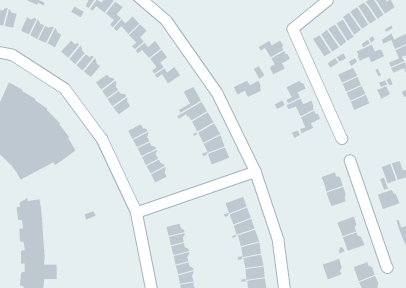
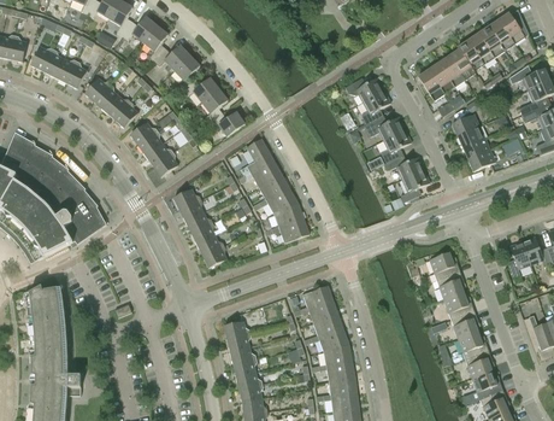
building: [356,44,385,63] -> none
building: [233,80,262,98] -> [364,116,402,140]
building: [377,189,400,210] -> [443,292,475,320]
building: [322,258,343,280] -> [465,350,493,379]

